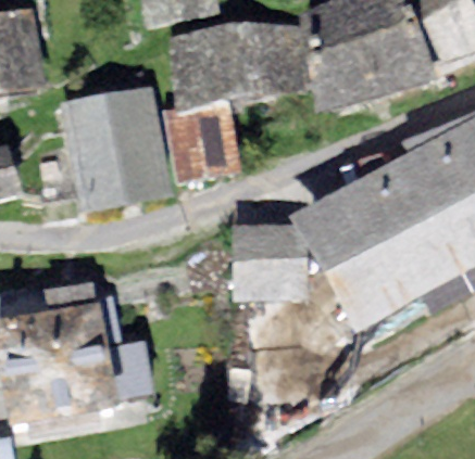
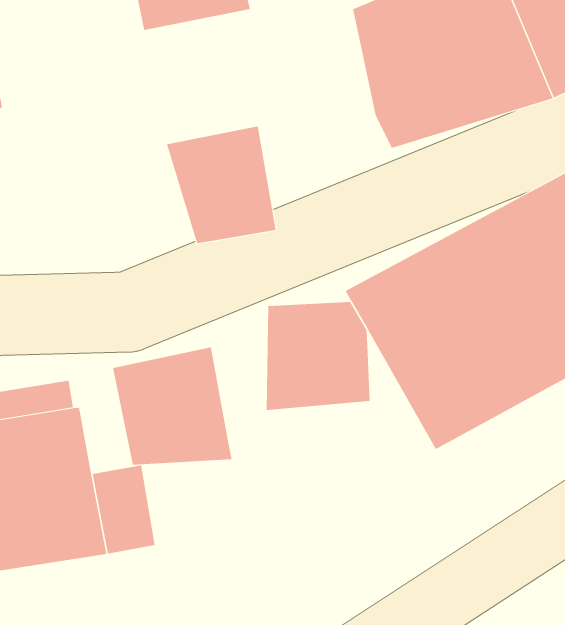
building: [165,23,312,107] -> none
building: [62,82,173,211] -> none
building: none -> [112,346,232,465]

